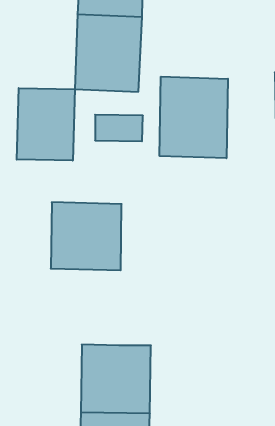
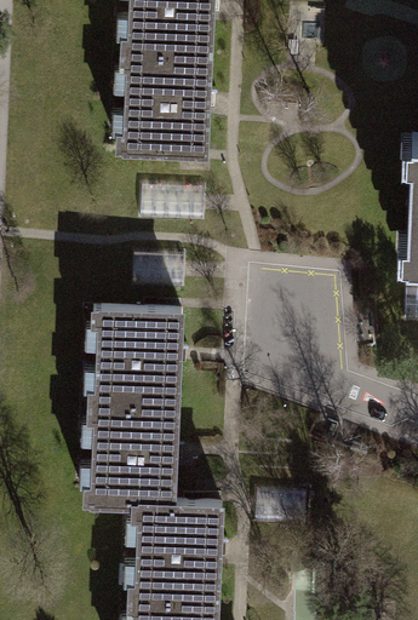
building: [160,77,228,158] -> none
building: [17,88,75,161] -> none
building: none -> [86,401,183,506]

